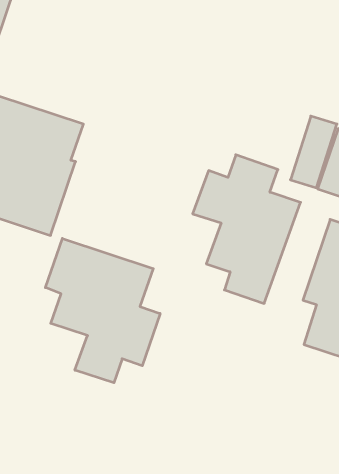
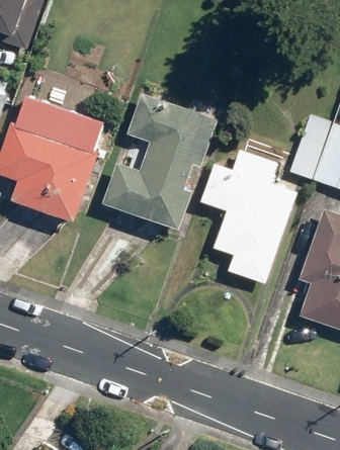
building: none -> [104,94,216,228]
building: [45,238,160,383] -> none

